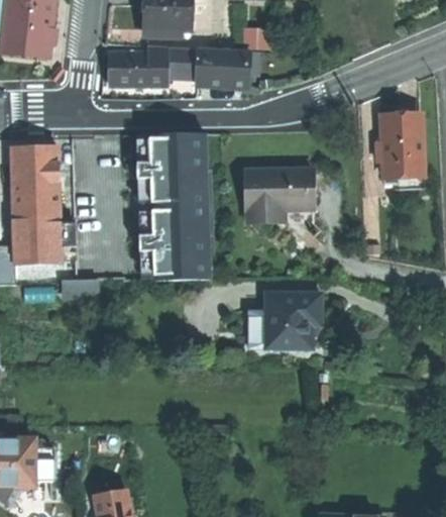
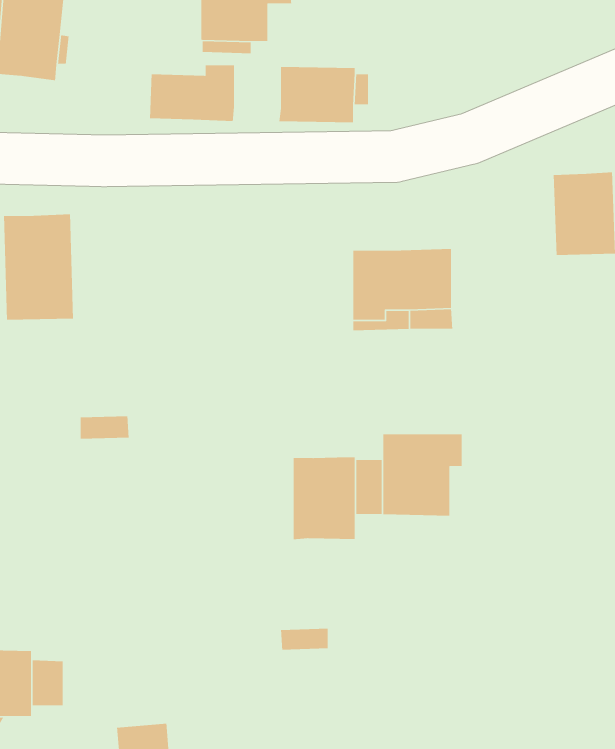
building: [166,46,197,76] -> none
building: [136,133,214,280] -> none
building: [13,217,60,264] -> none
building: none -> [293,457,355,540]

